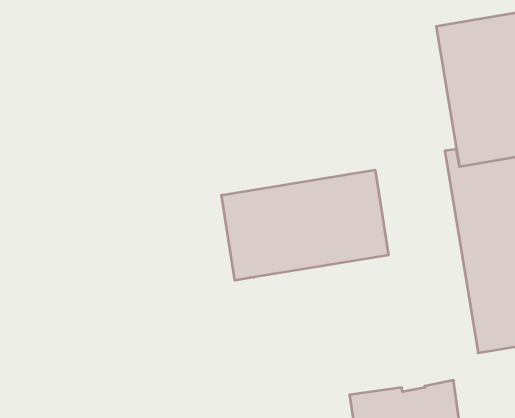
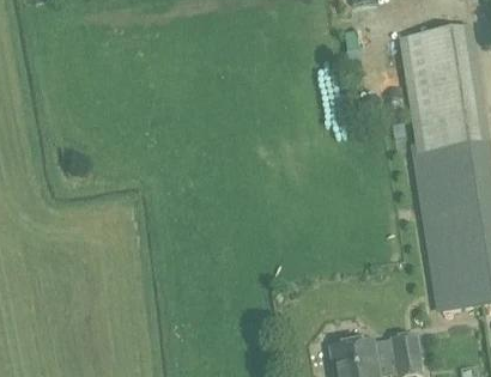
building: [222,170,388,280] -> none

